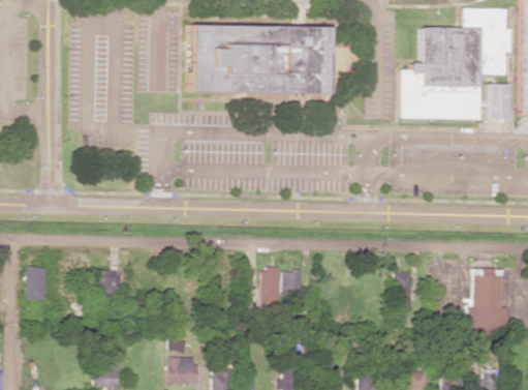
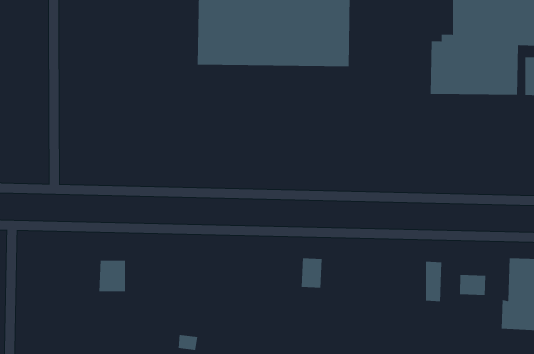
building: [263,266,281,303] -> none
building: [28,267,48,300] -> none
building: none -> [459,274,486,296]

